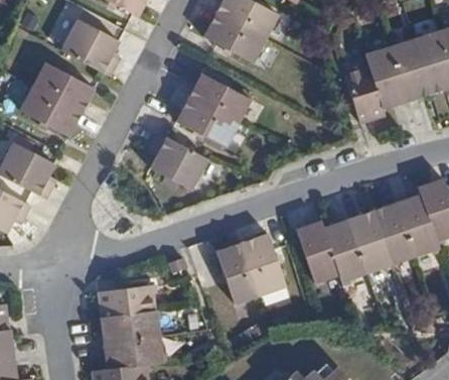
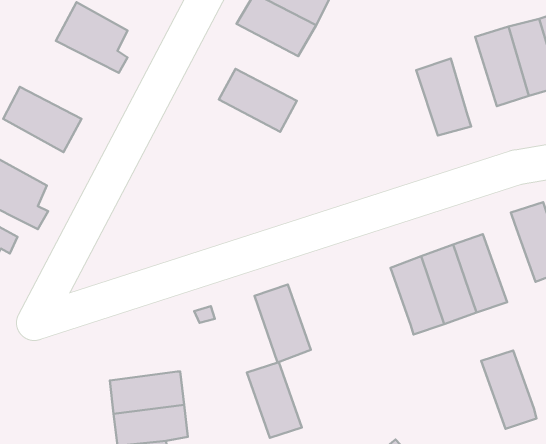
building: [366,46,407,108] -> none
building: [32,61,93,111] -> none
building: [175,96,237,145] -> none
building: [150,131,208,187] -> none
building: [396,194,439,255] -> [481,351,536,429]
building: [297,219,339,281] -> none
building: [243,233,286,292] -> [247,362,302,438]
building: [100,286,156,316] -> none

